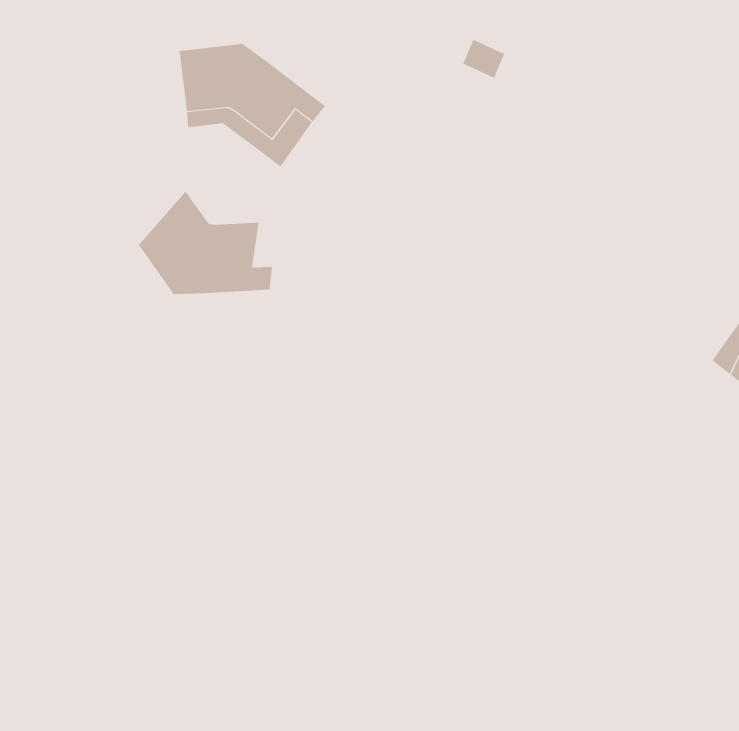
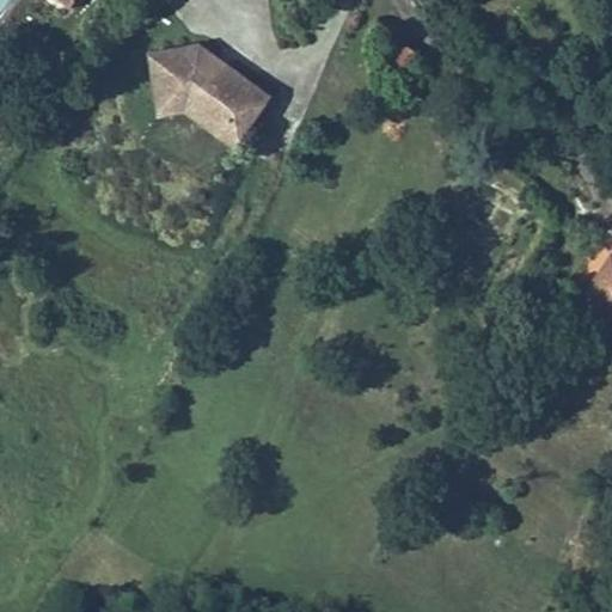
building: [138,191,273,295] -> none

